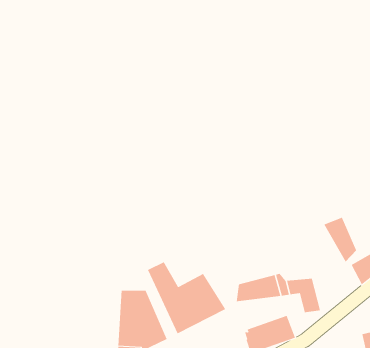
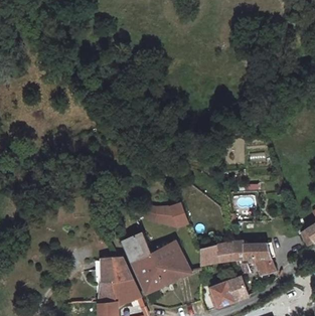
building: [323,217,357,262] -> none
building: none -> [134,203,188,228]

